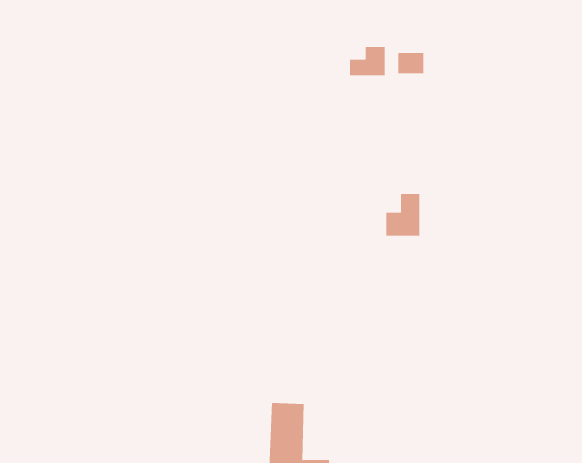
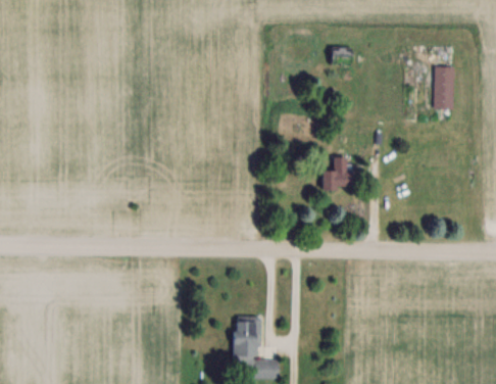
building: [349,46,385,76] -> none
building: none -> [435,66,455,108]

